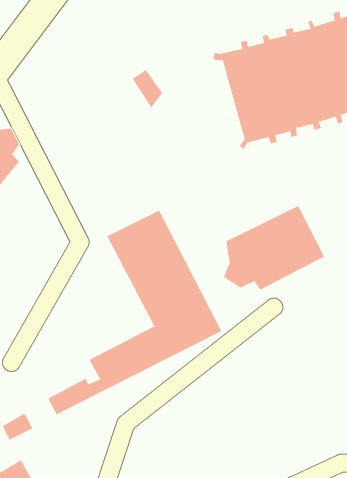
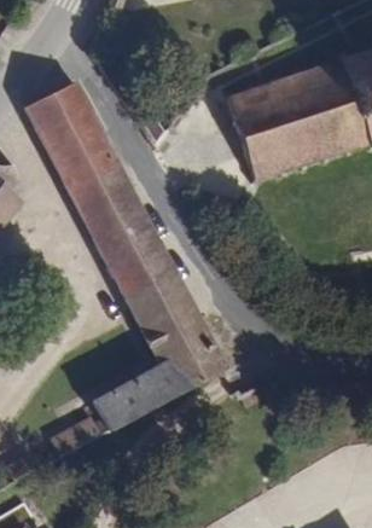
building: none -> [25,80,164,274]
building: [223,205,325,291] -> none

